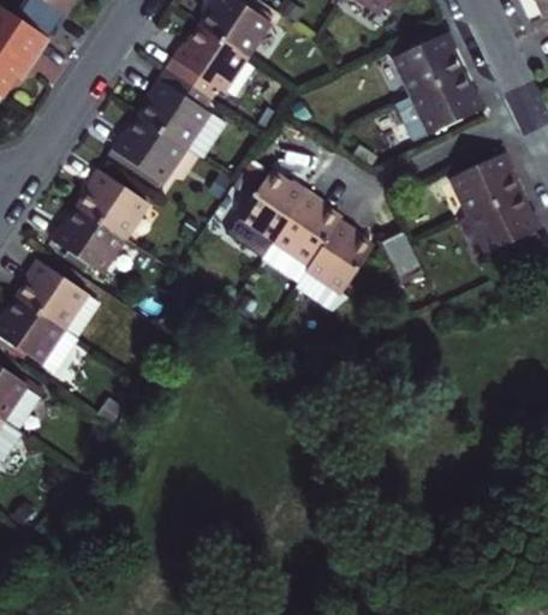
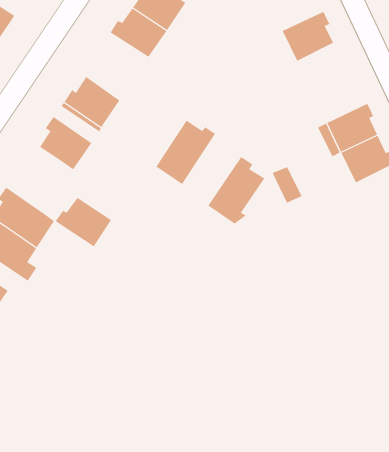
building: [397,72,486,142] -> none
building: [141,77,225,156] -> none
building: [266,190,341,279] -> none
building: [52,207,125,271] -> [55,197,112,247]

